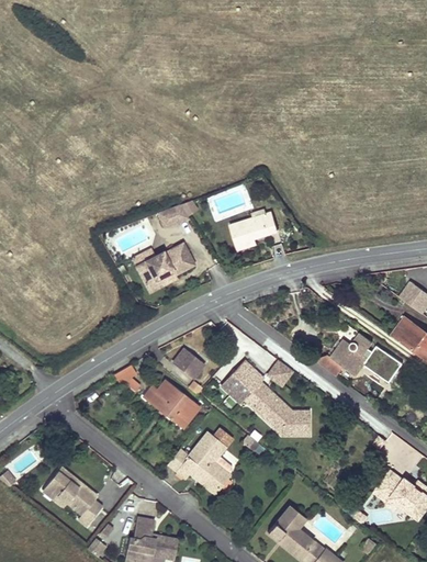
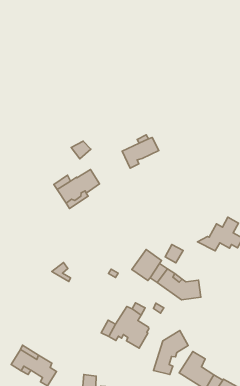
building: [173,349,204,379] -> none
building: [144,380,199,428] -> none
building: none -> [153,331,188,375]

